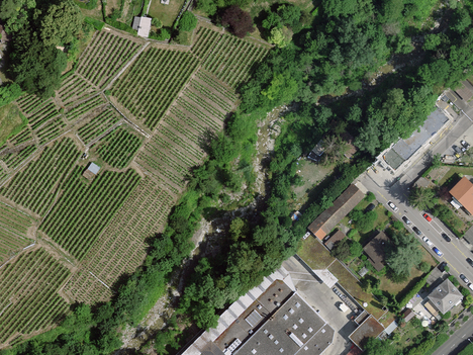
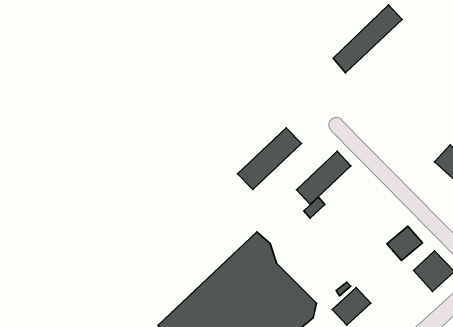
building: [380,109,447,175] -> [333,5,402,73]
building: none -> [238,128,301,190]
building: [360,230,394,263] -> [387,226,422,261]

